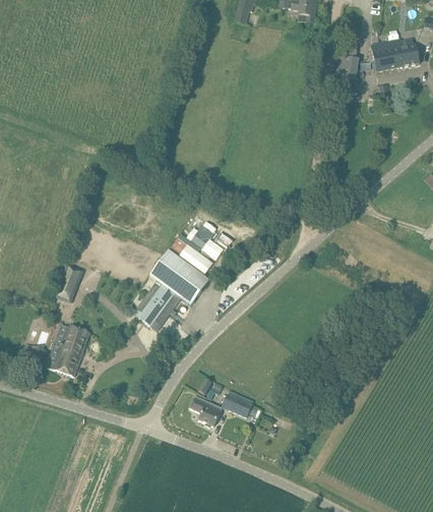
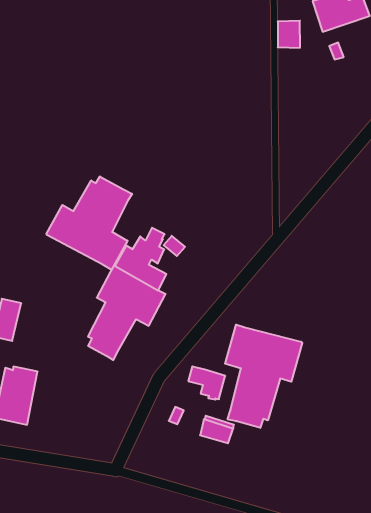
building: none -> [46,176,132,270]
building: none -> [225,325,302,428]
building: [190,395,223,426] -> [188,366,225,400]

